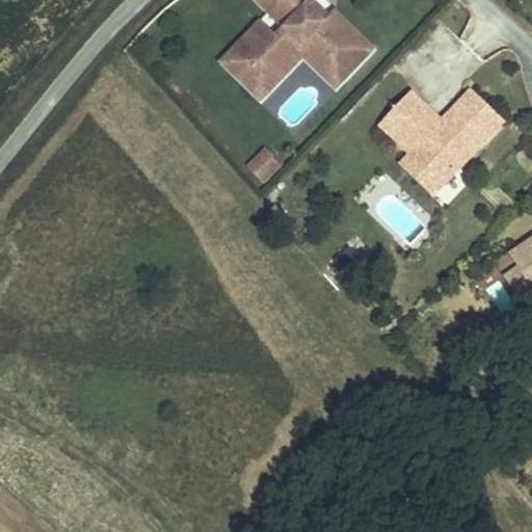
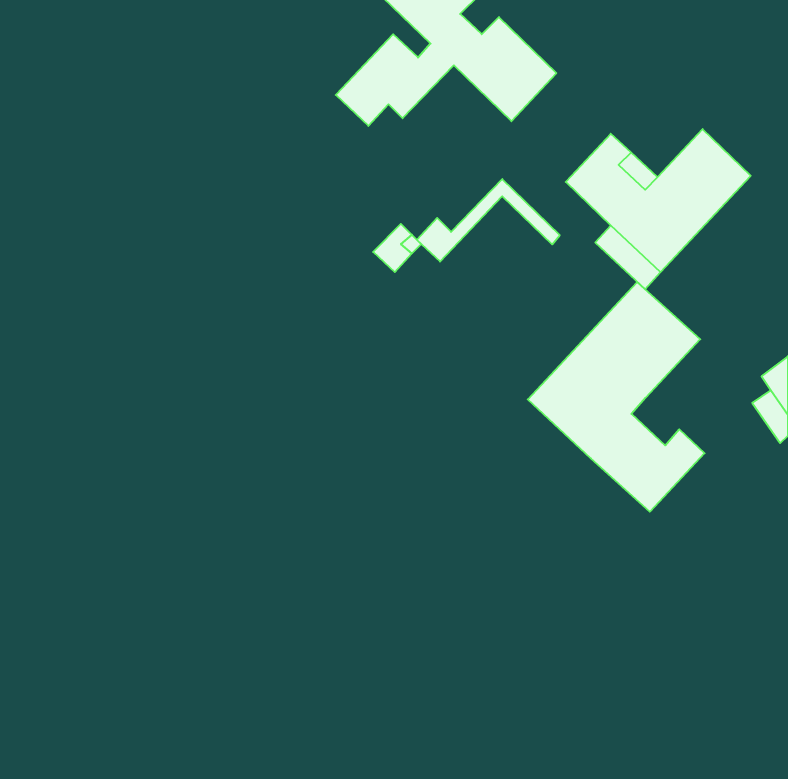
building: [246,44,342,99] -> [417,179,560,262]
building: none -> [528,282,705,512]

